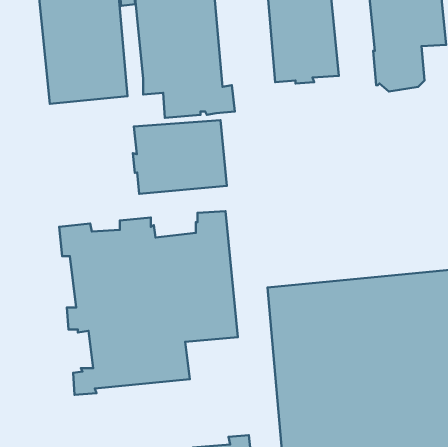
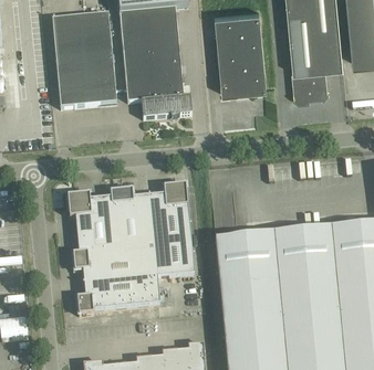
building: [133,120,227,194] -> none

